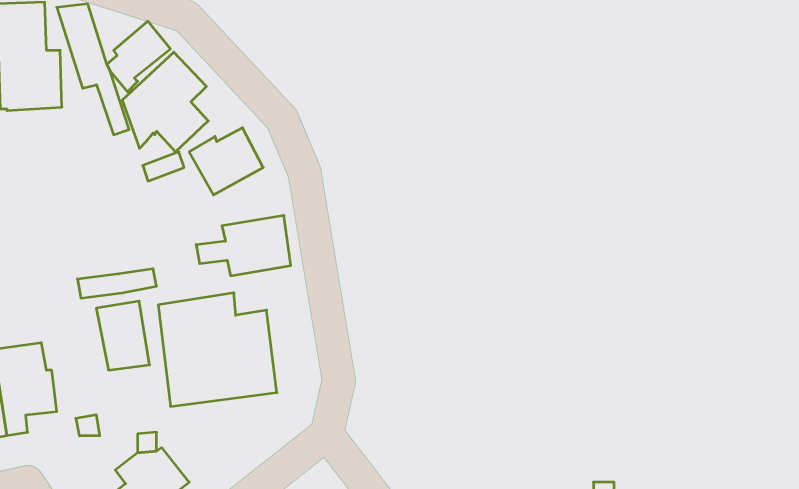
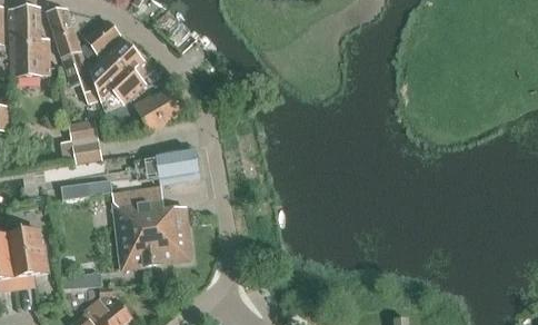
building: [96,301,150,370] -> [67,118,101,162]

